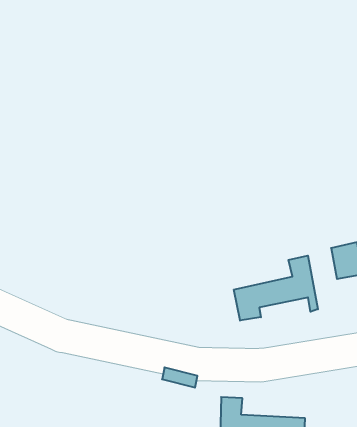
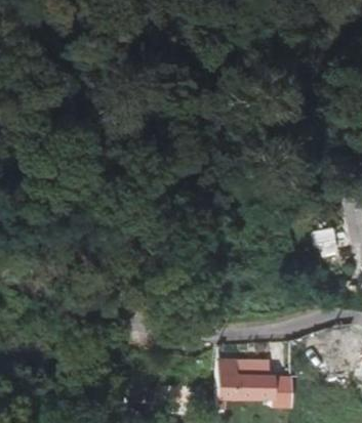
building: [234,256,318,321] -> none

